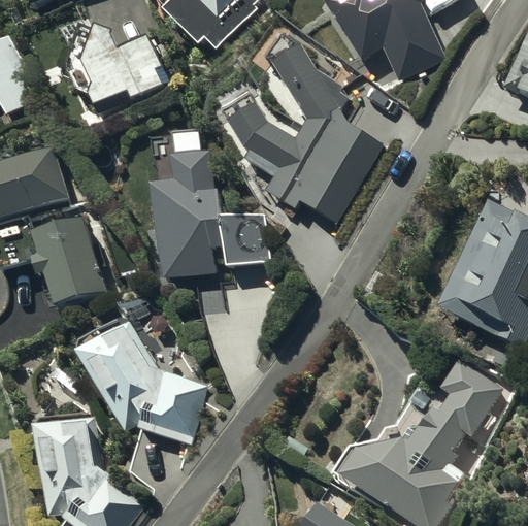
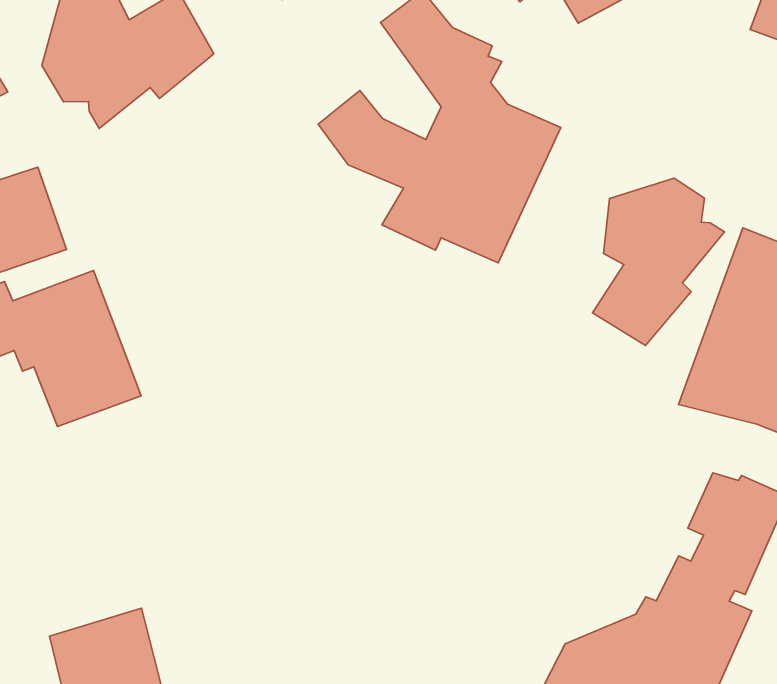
building: [152,131,269,280] -> none
building: none -> [593,178,725,345]
building: [76,322,204,440] -> none

